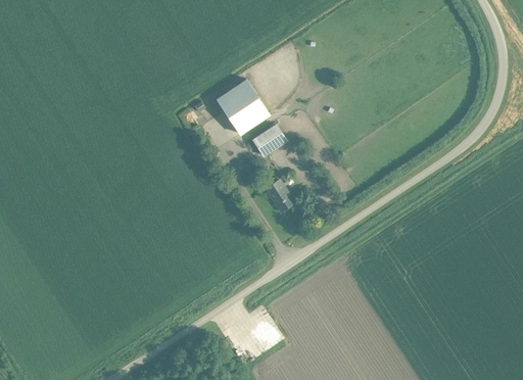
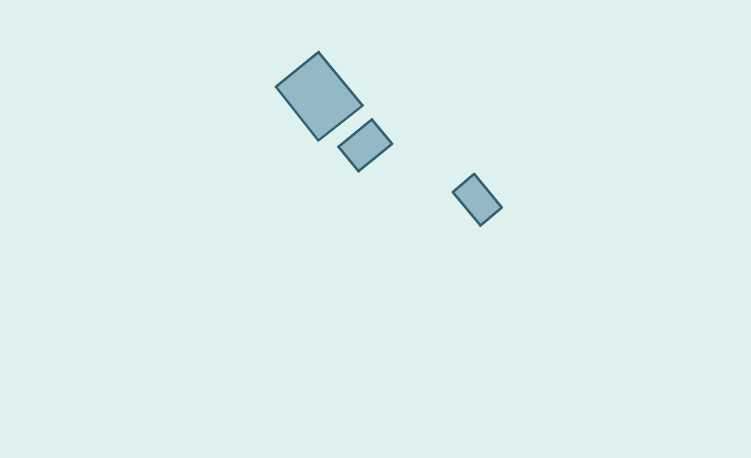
building: [265,180,294,212] -> [453,174,502,226]

